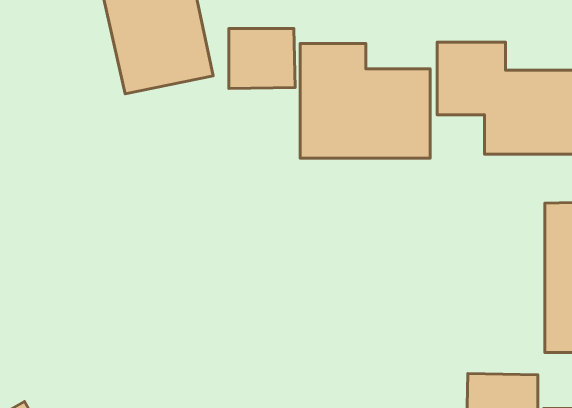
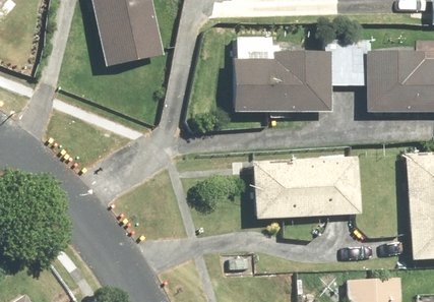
building: [229,29,295,89] -> none
building: none -> [252,154,364,221]

